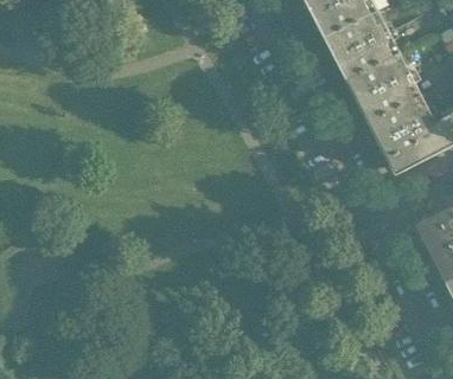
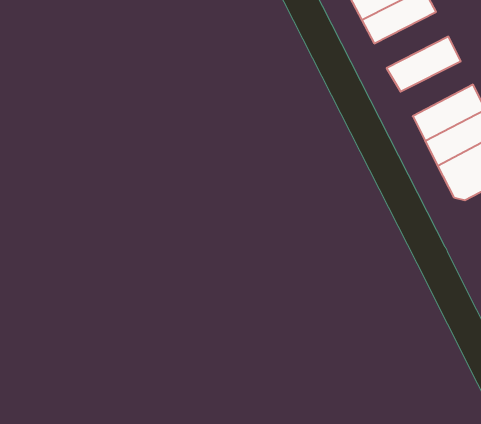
building: [325,11,389,59] -> none
building: [347,53,410,101] -> none

